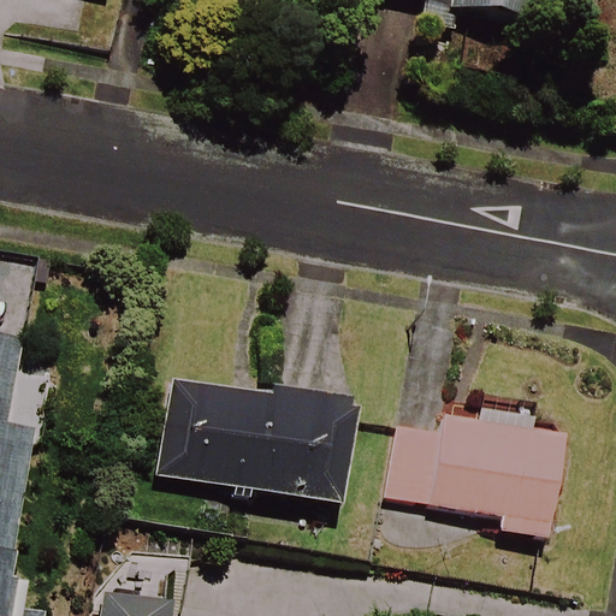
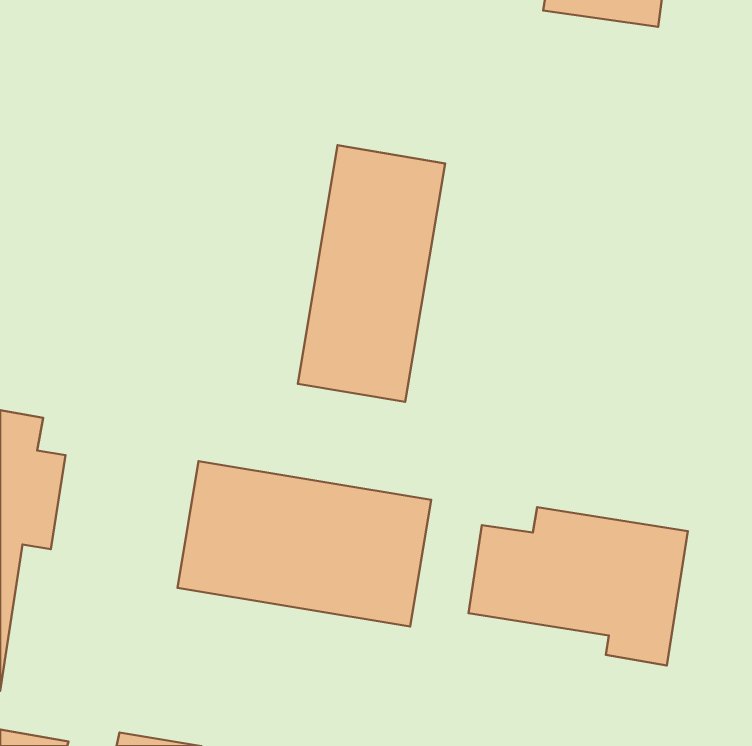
building: none -> [298,145,445,402]

